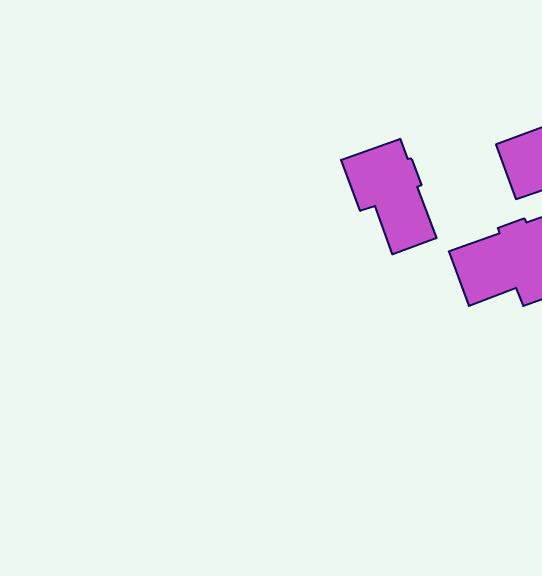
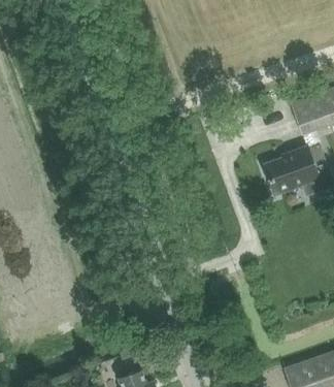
building: [341,139,436,254] -> none

